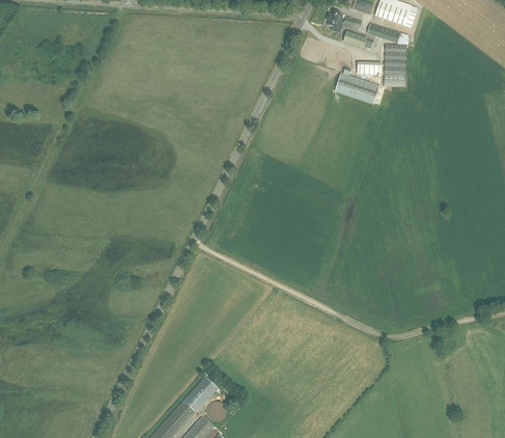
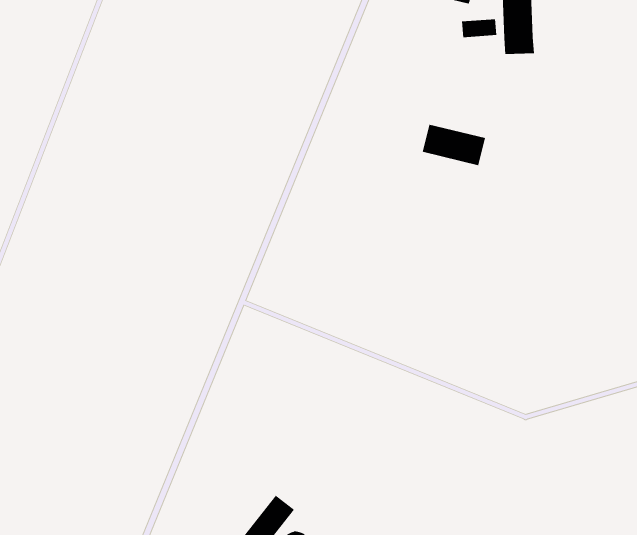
building: [335,73,380,104] -> [422,124,486,166]

